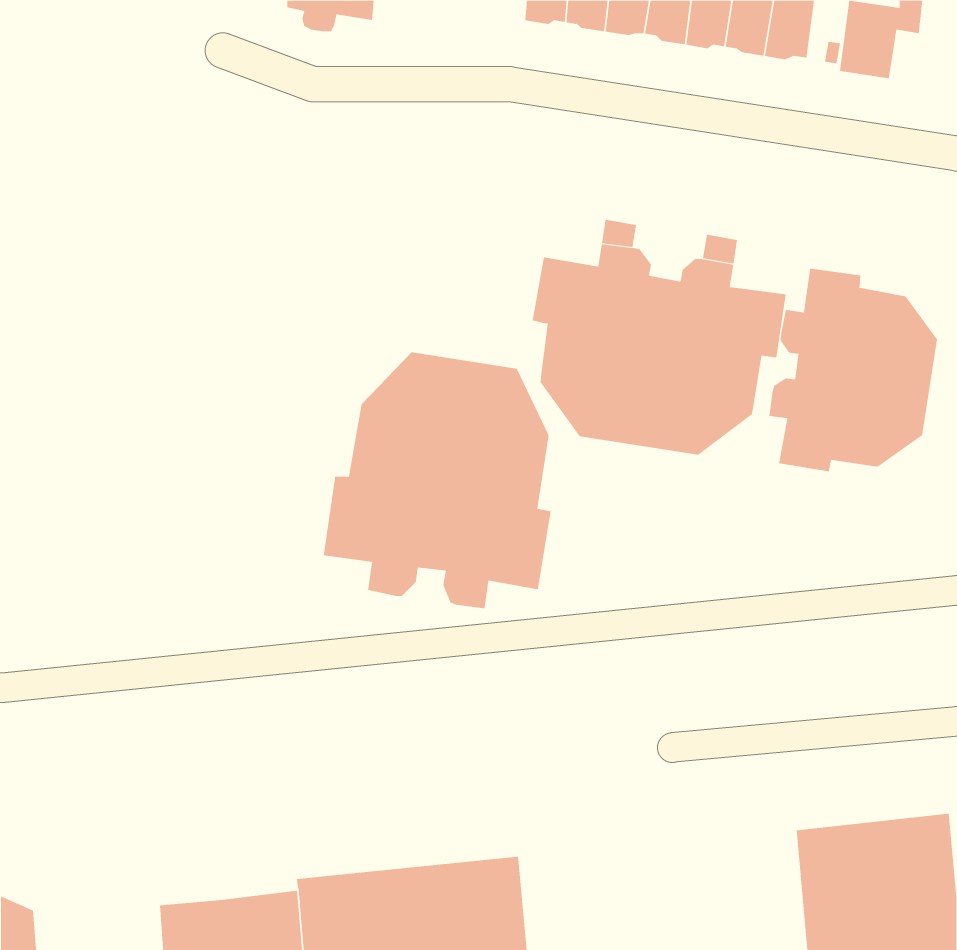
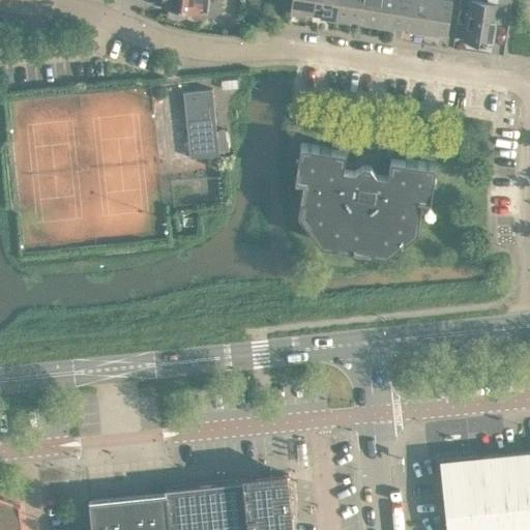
building: none -> [182,92,228,160]
building: [769,268,938,472] -> none
building: [323,352,551,609] -> none

